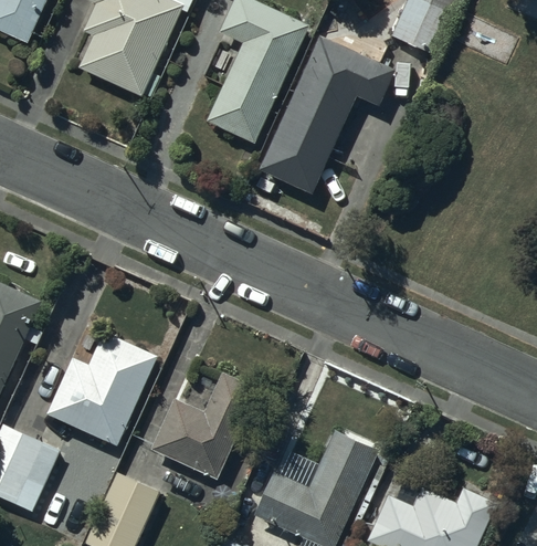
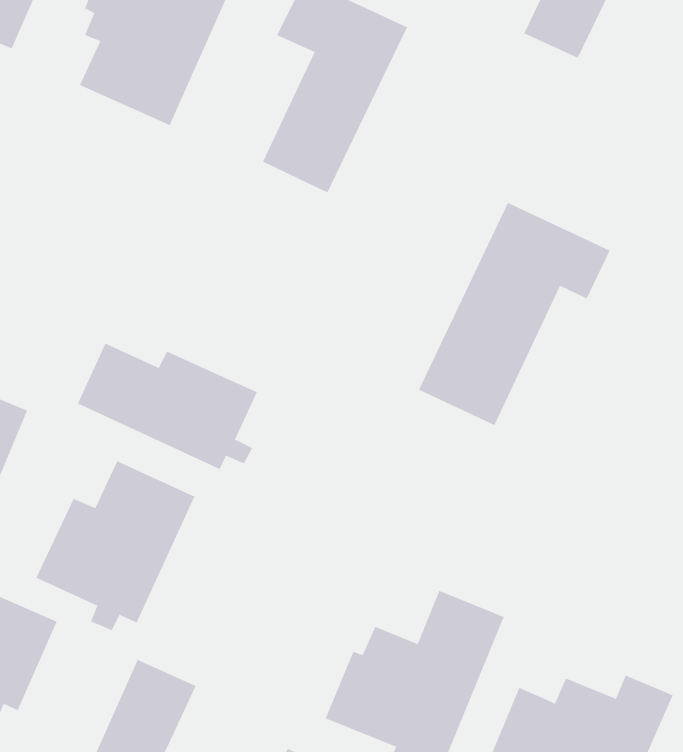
building: [259,34,394,192] -> [418,202,611,426]
building: none -> [77,343,257,470]
building: [148,374,255,480] -> none

